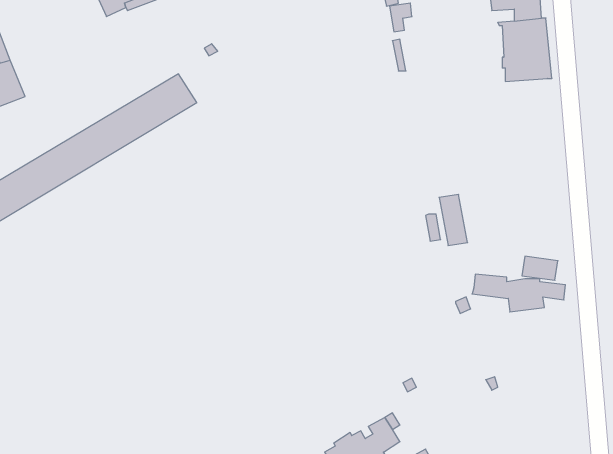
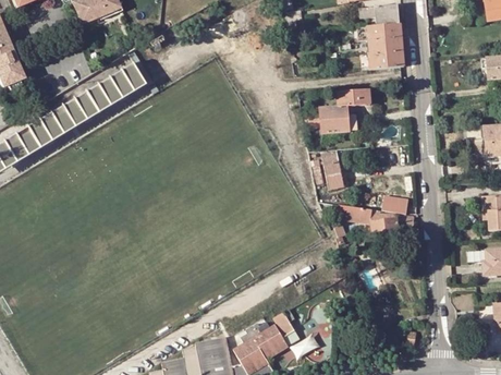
building: none -> [306,88,370,133]

